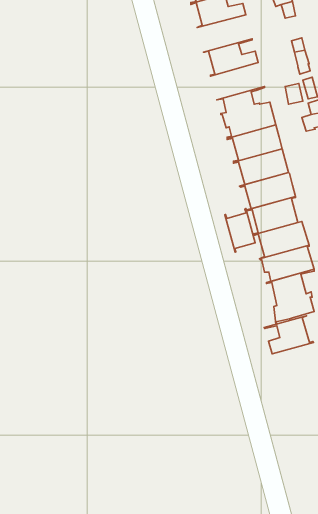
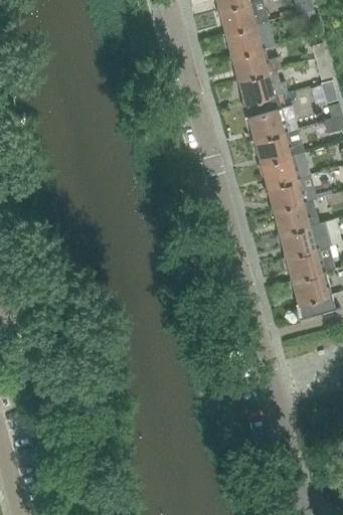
building: none -> [220,21,274,57]
building: none -> [233,67,286,104]
building: [225,209,255,252] -> none
building: [264,316,313,354] -> none

